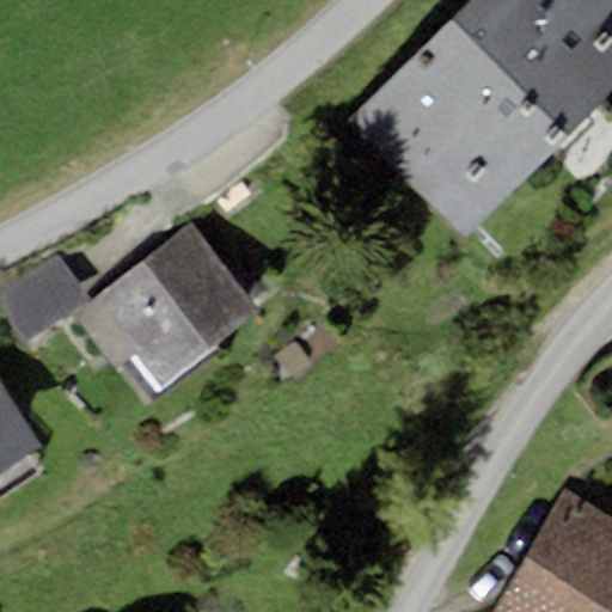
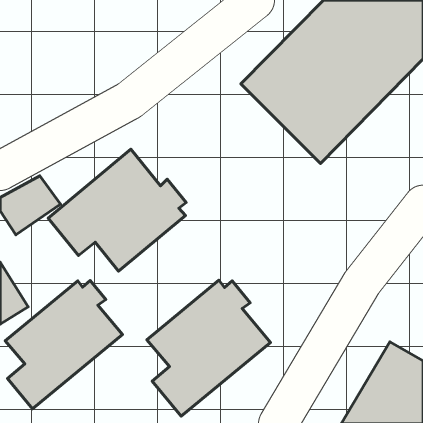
building: none -> [147,280,271,416]
building: none -> [5,281,122,409]

